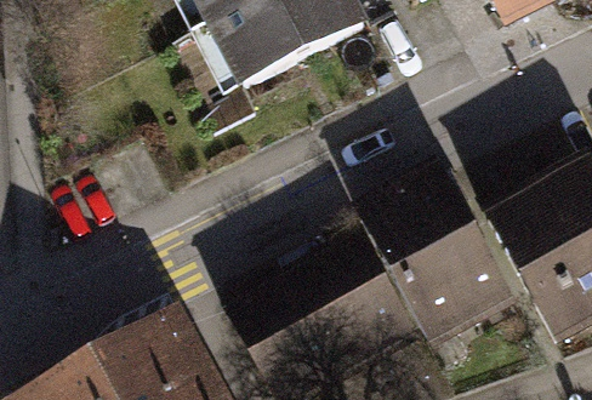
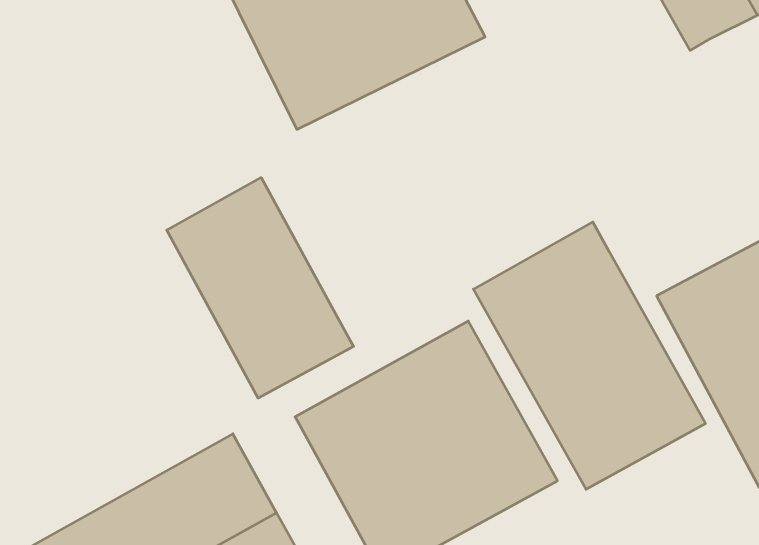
building: none -> [167,178,354,398]

